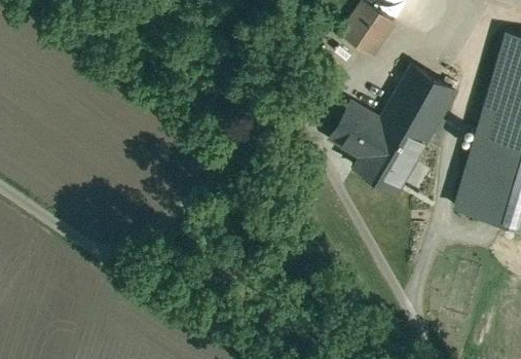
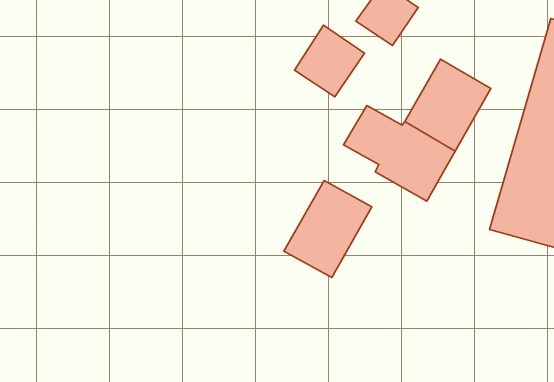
building: none -> [294,25,365,97]
building: none -> [284,181,372,277]

